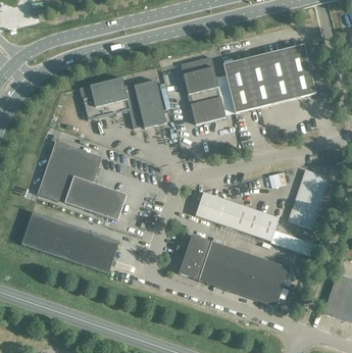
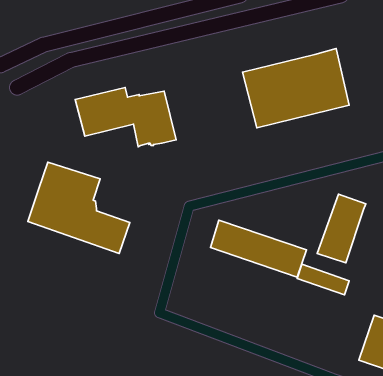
building: [181,56,225,123] -> none
building: [21,211,119,273] -> none
building: [179,235,290,306] -> none

